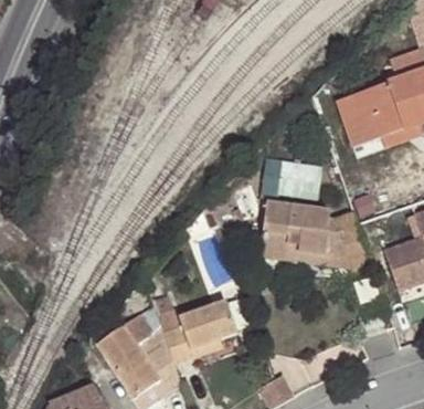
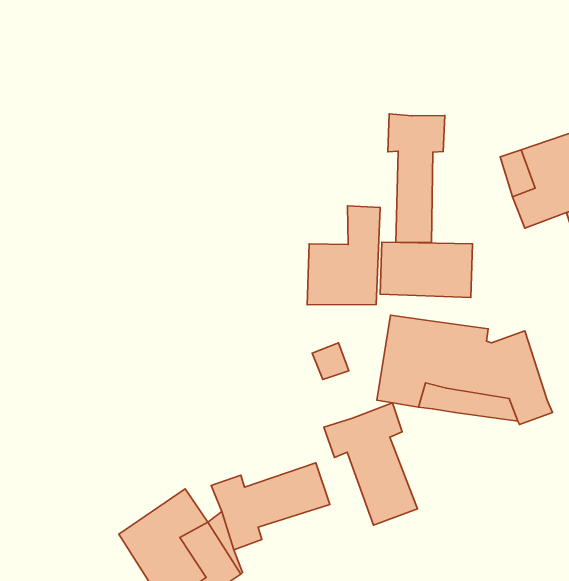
building: none -> [388,114,445,243]
building: none -> [307,206,380,305]
building: none -> [324,403,418,525]

